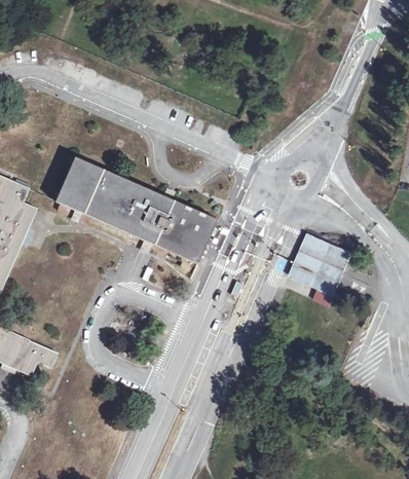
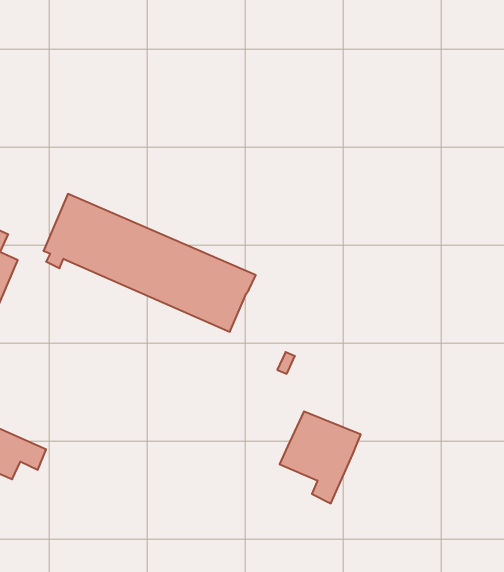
building: [289,235,350,305] -> [280,411,361,503]

